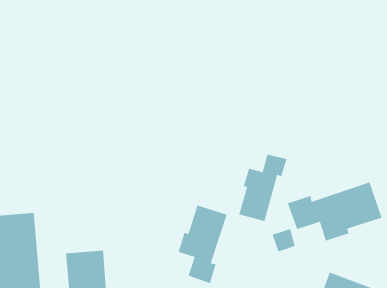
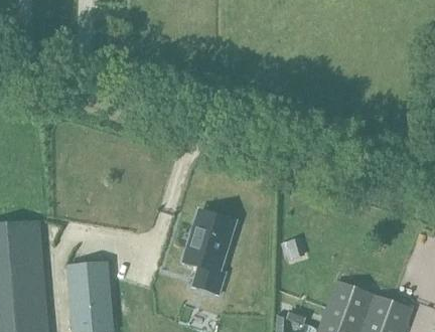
building: [238,154,287,222] -> none
building: [287,181,382,241] -> none

